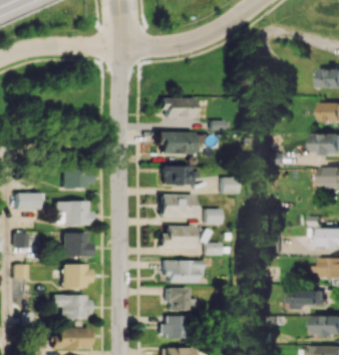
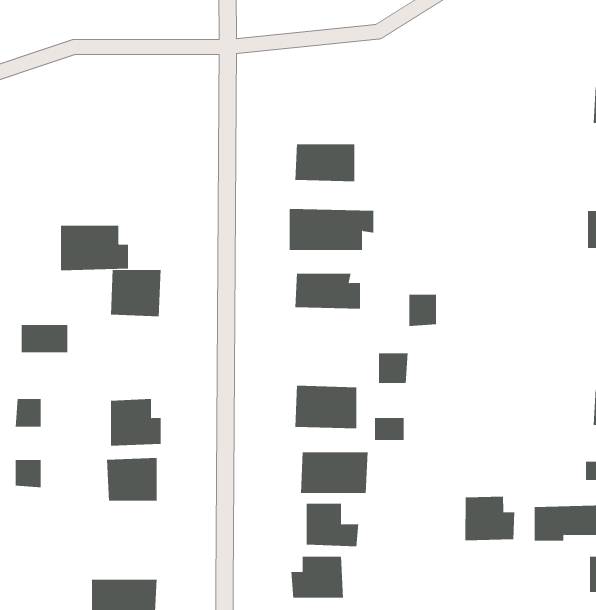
building: [158,196,193,217] -> none
building: [54,202,90,226] -> [60,225,129,271]
building: none -> [465,496,515,541]
building: [51,295,87,318] -> none

